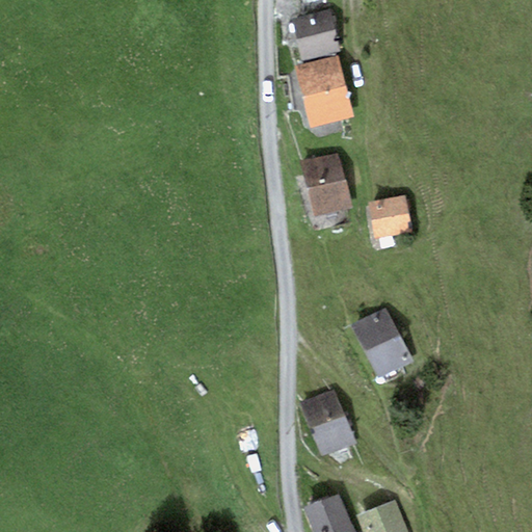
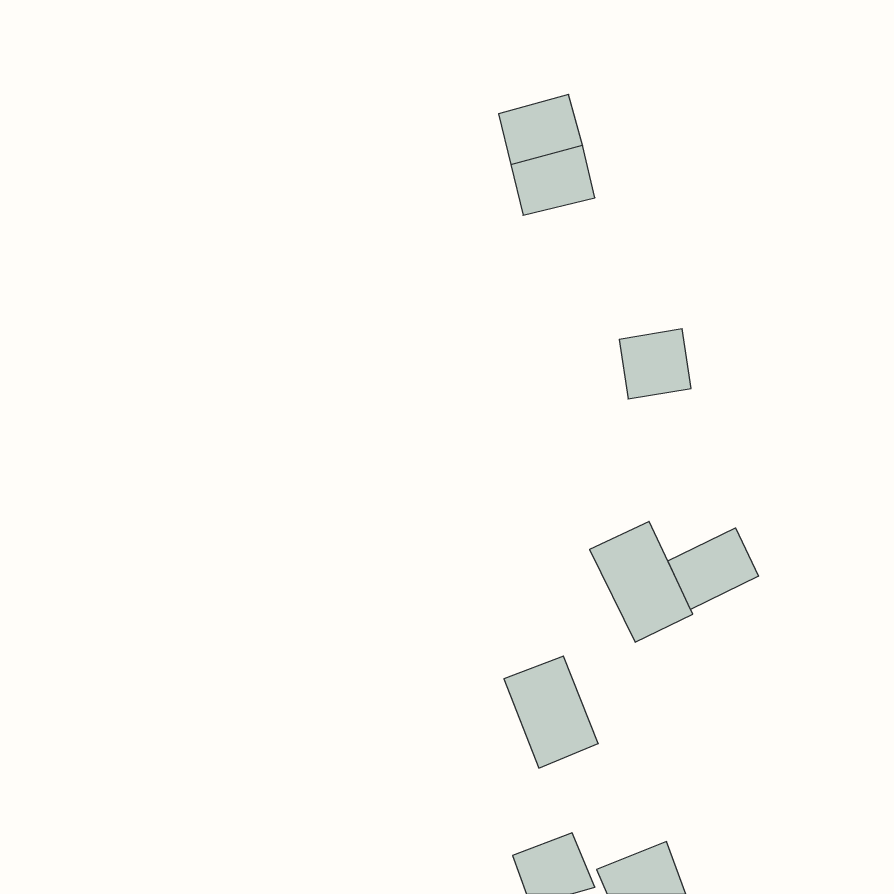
building: [293,14,338,61] -> none
building: [299,154,350,217] -> none
building: none -> [668,528,758,609]

